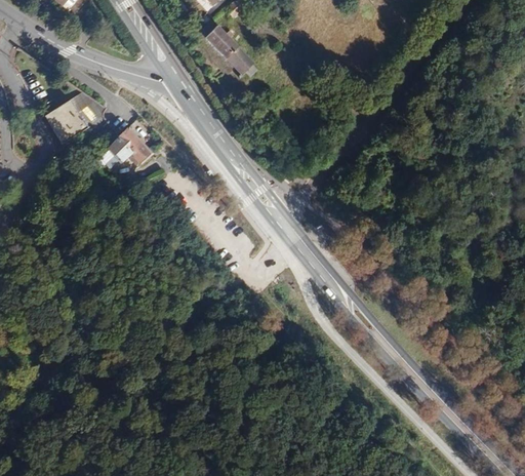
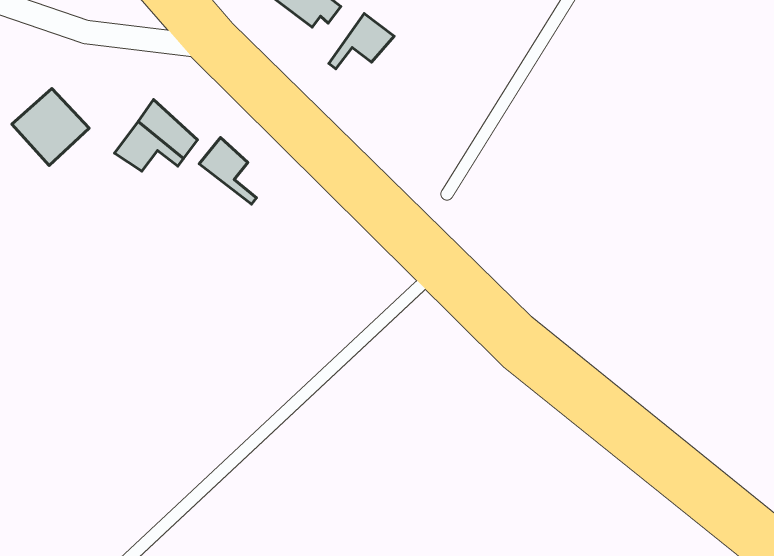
building: none -> [329,13,394,69]
building: none -> [199,137,257,204]

